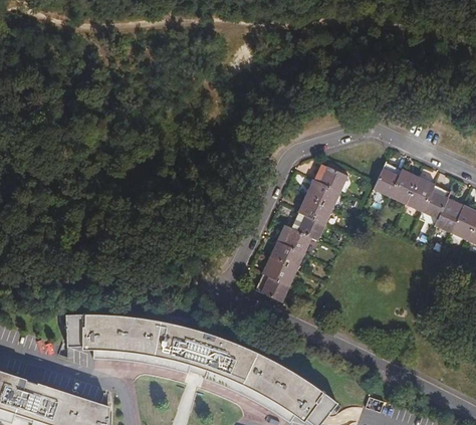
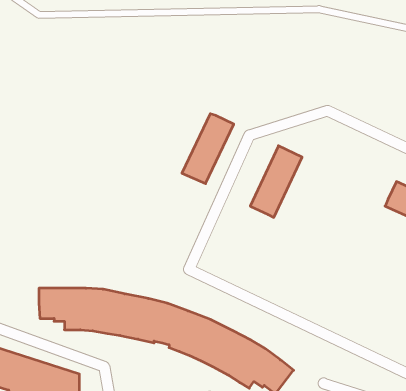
building: [375,167,449,220] -> none
building: [255,225,310,299] -> [182,114,234,184]

